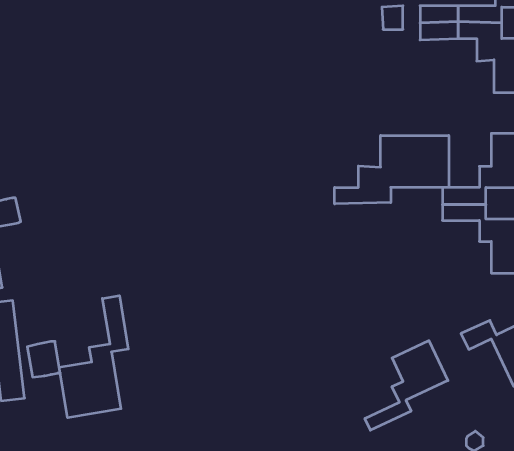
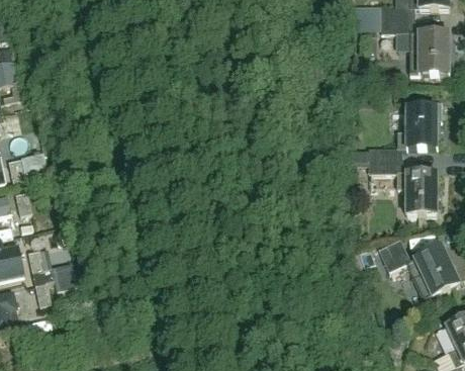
building: [335,135,449,204] -> none
building: [59,296,128,418] -> none
building: [365,341,448,430] -> none

